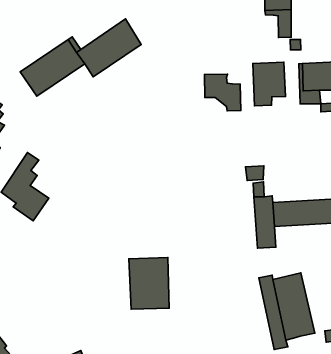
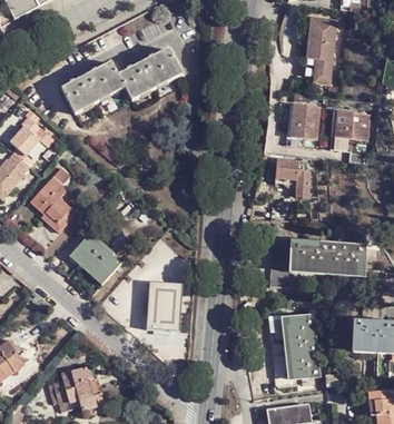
building: [204,74,241,111] -> [274,159,309,198]
building: none -> [69,234,120,283]

